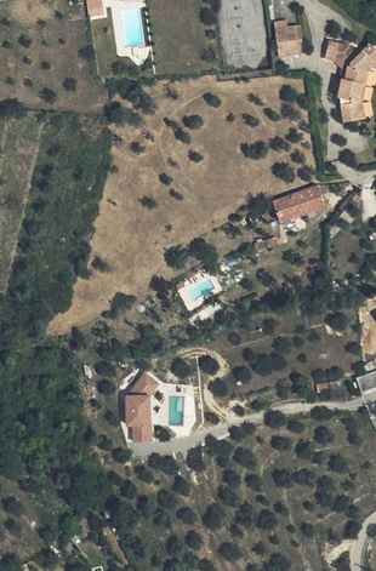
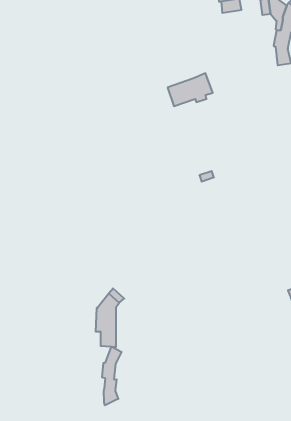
building: [270,187,324,225] -> [168,73,213,106]
building: none -> [102,347,122,405]

